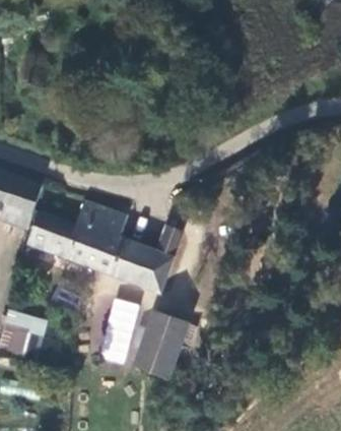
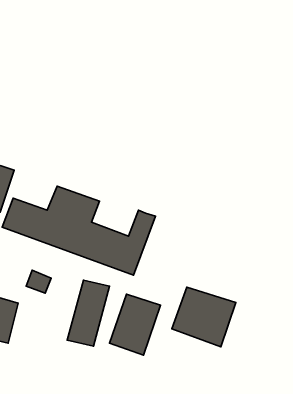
building: none -> [172,287,236,347]

